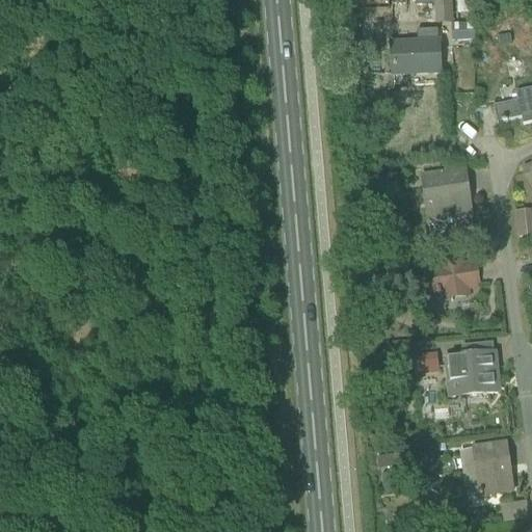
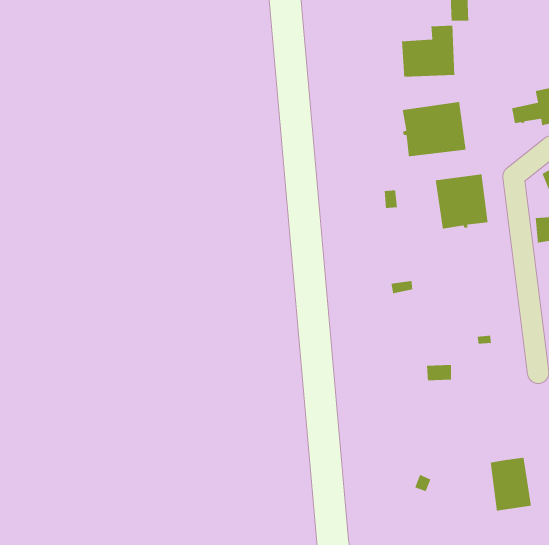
building: none -> [402,101,467,157]
building: [427,260,478,291] -> none
building: [448,341,499,395] -> none

